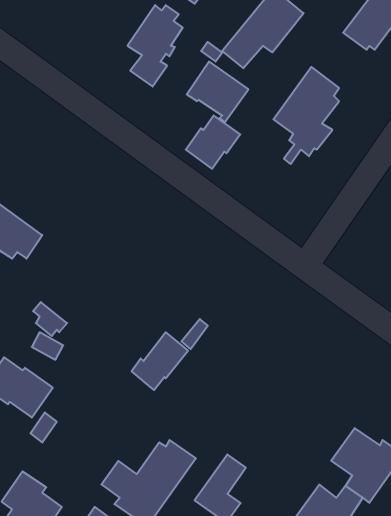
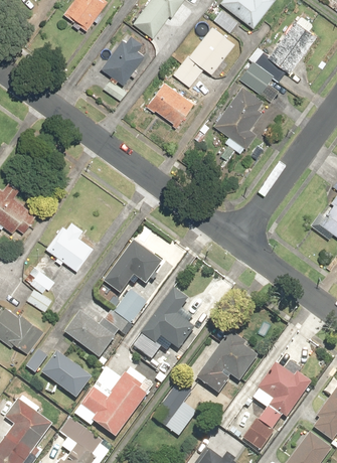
building: none -> [238,60,279,102]
building: [186,115,240,169] -> none
building: none -> [47,221,91,271]
building: none -> [101,235,163,299]
building: none -> [133,288,194,358]
building: none -> [63,310,115,358]
building: none -> [196,333,257,394]
building: none -> [41,351,92,399]

